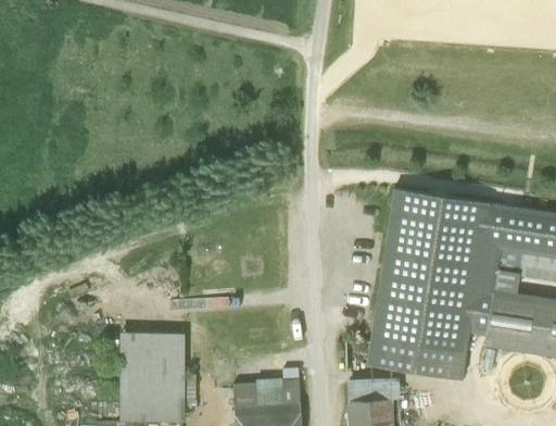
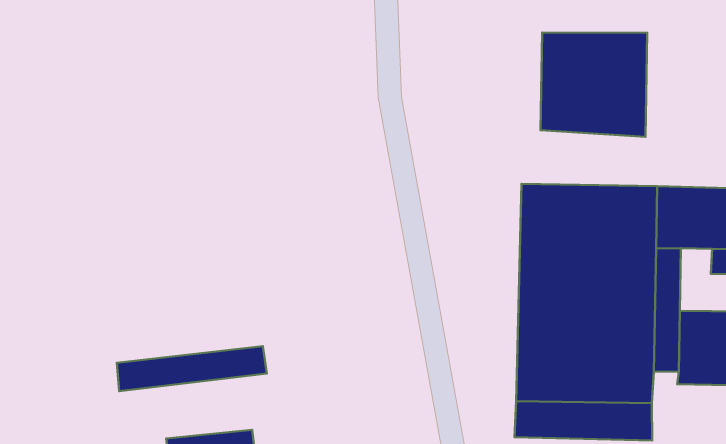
building: none -> [540,33,647,137]
building: [493,249,521,296] -> none
building: none -> [117,346,267,391]

